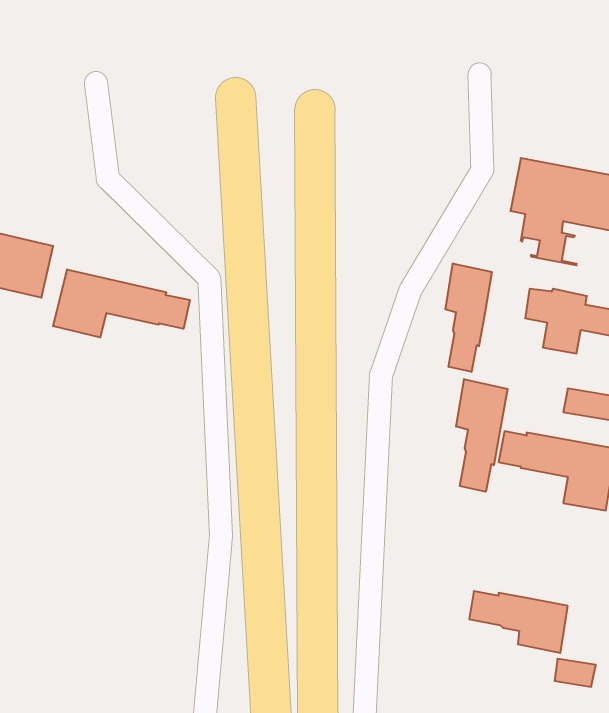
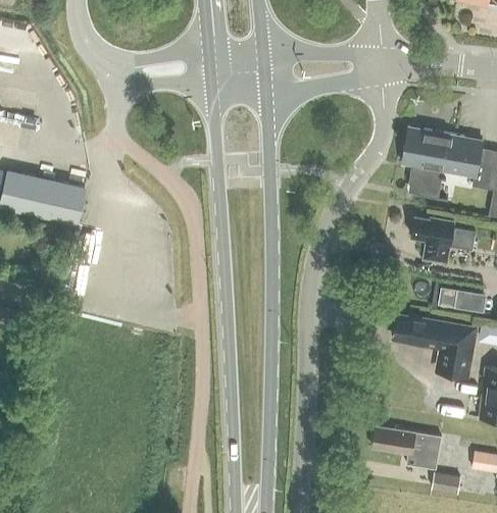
building: [445,263,492,372] -> none
building: [53,269,190,337] -> none
building: [456,379,508,492] -> none

